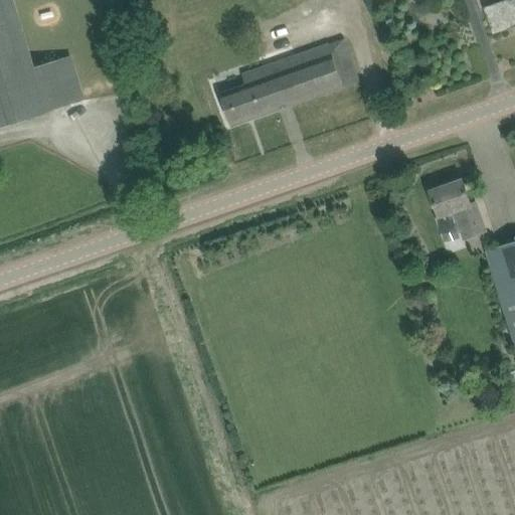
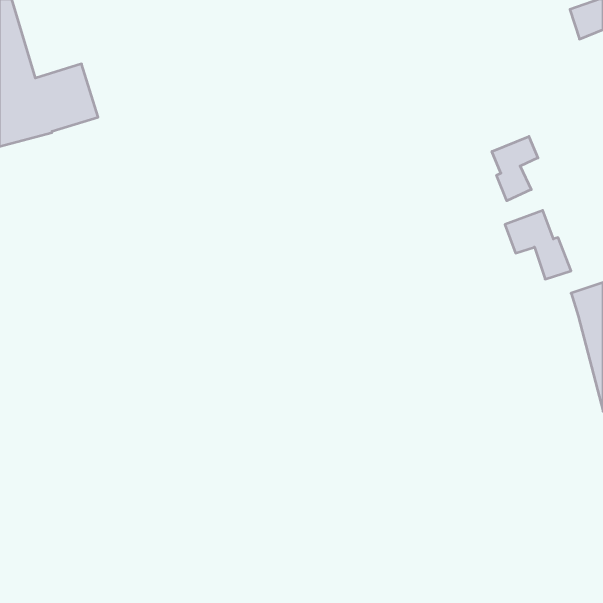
building: [219,36,359,125] -> none
building: none -> [492,136,538,201]

